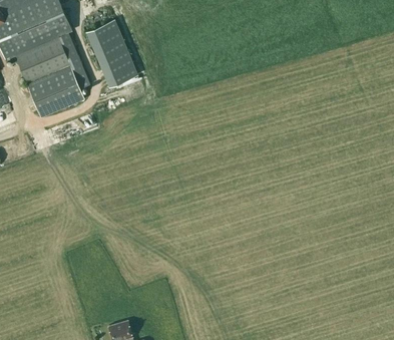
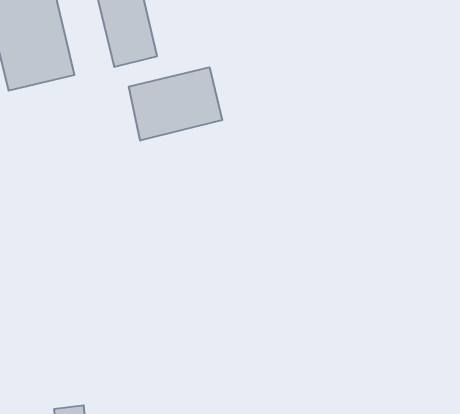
building: none -> [129,67,222,141]

